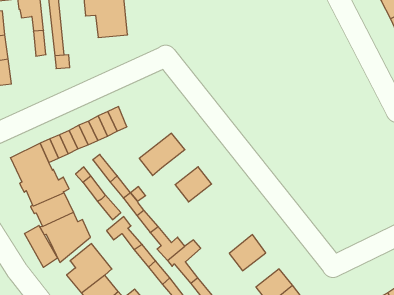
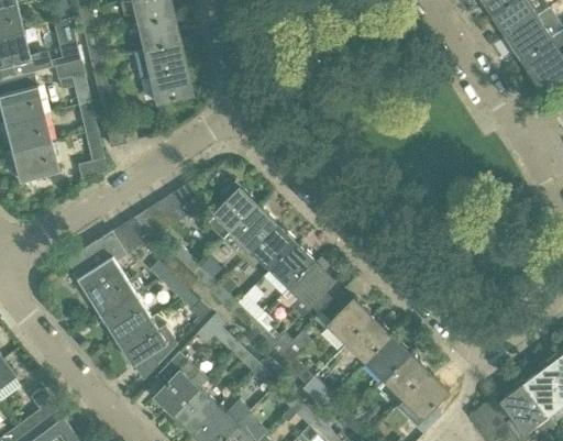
building: none -> [77,132,106,179]
building: none -> [213,184,260,242]
building: none -> [253,225,297,269]
building: none -> [290,260,335,313]
building: none -> [329,299,373,344]
building: [25,225,58,267] -> none
building: none -> [366,338,410,381]

